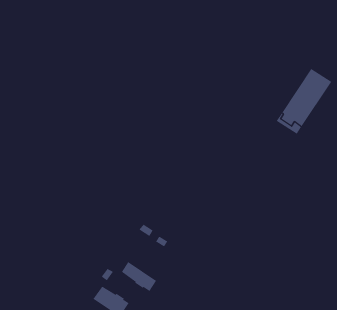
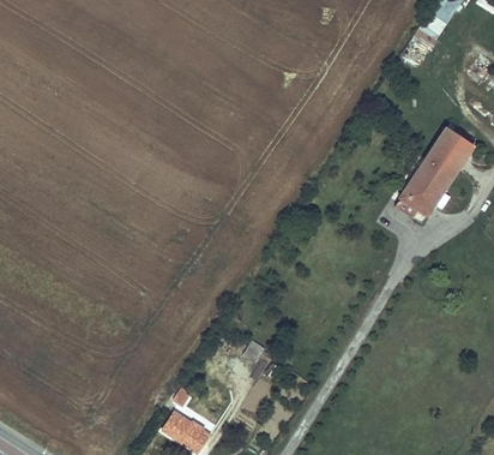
building: [121,261,157,292] -> none

